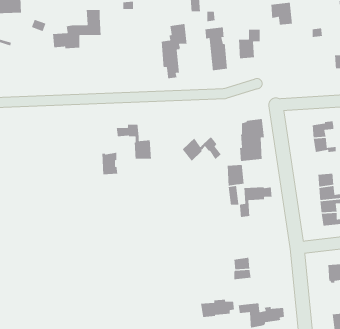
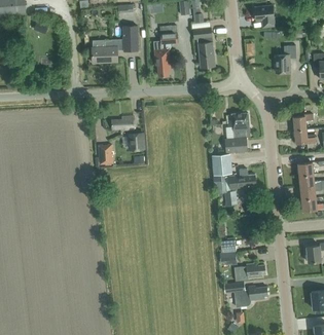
building: [52,9,102,49] -> [93,26,138,63]
building: [238,29,261,59] -> [275,45,295,73]
building: [182,136,222,162] -> none
building: [200,299,235,318] -> [233,263,265,281]

